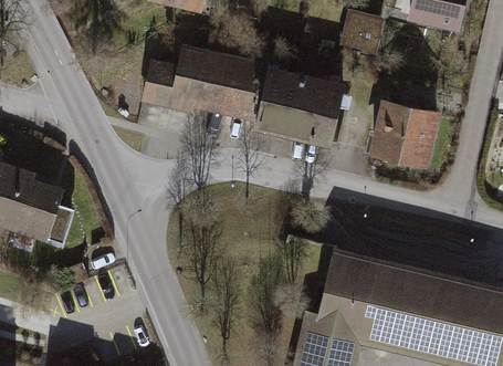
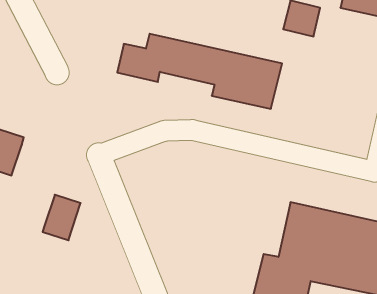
building: [370,105,434,168] -> none
building: [14,185,60,239] -> [43,195,81,240]

